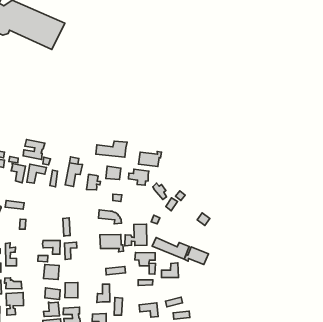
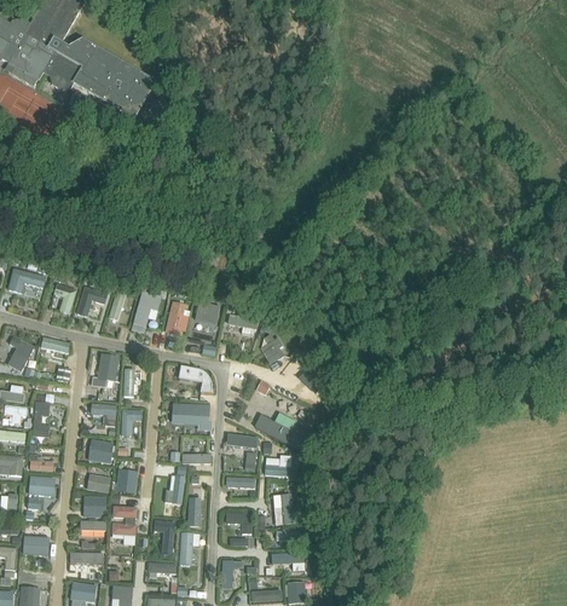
building: [23,140,45,159] -> none
building: [96,141,127,157] -> none
building: [139,151,162,166] -> none
building: none -> [91,354,118,388]
building: [125,224,147,246] -> none
building: [184,247,209,265] -> none

